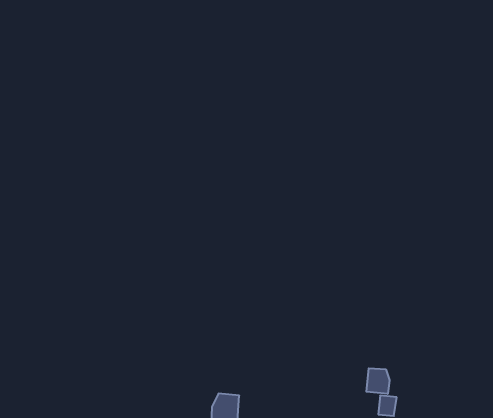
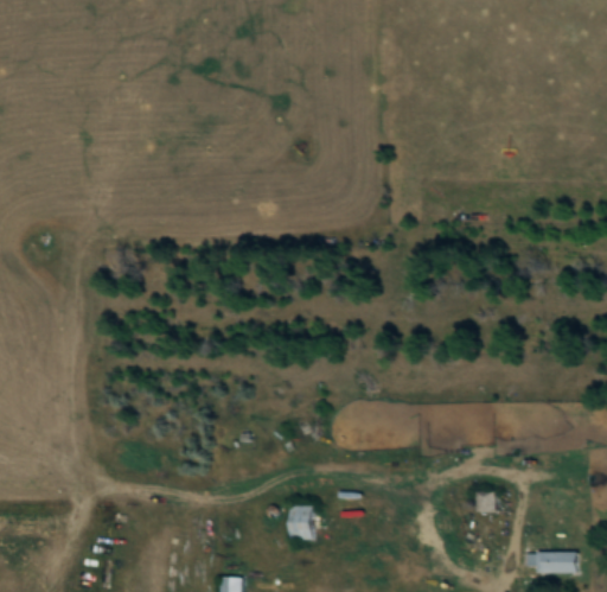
building: [366,368,389,394] -> none

